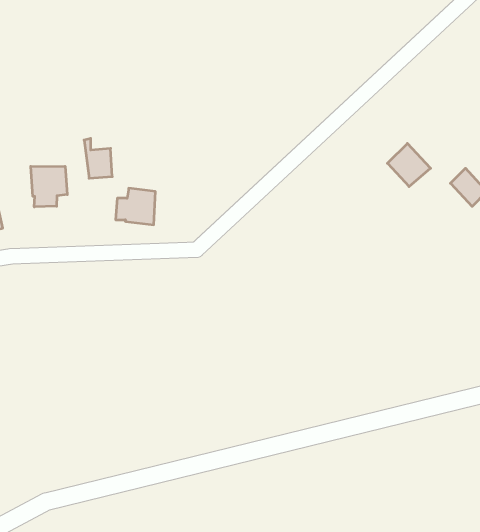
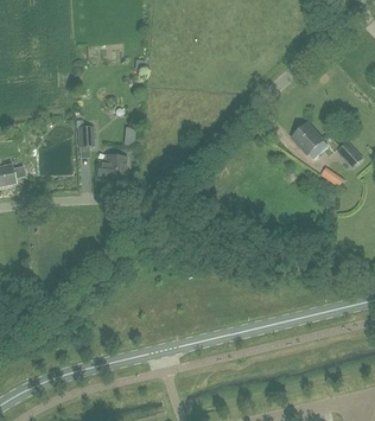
building: [31,166,67,207] -> none

